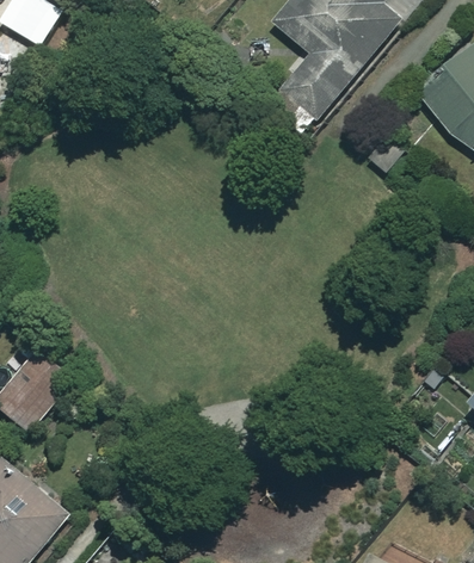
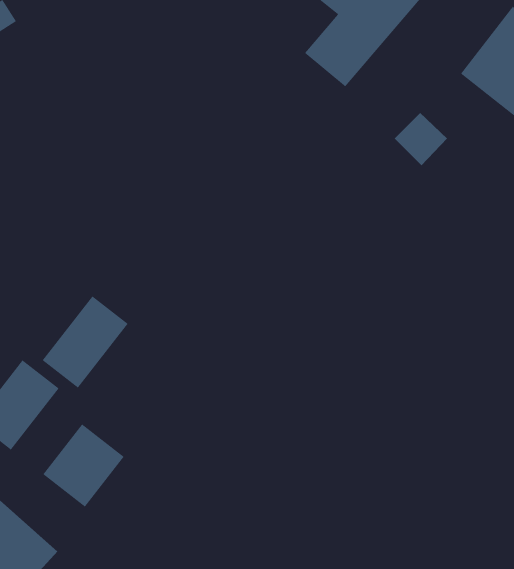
building: none -> [42,295,129,388]
building: none -> [43,424,124,507]

